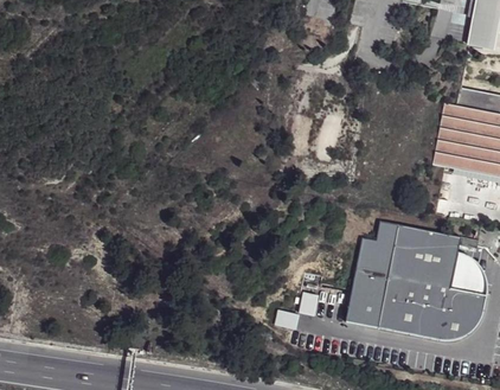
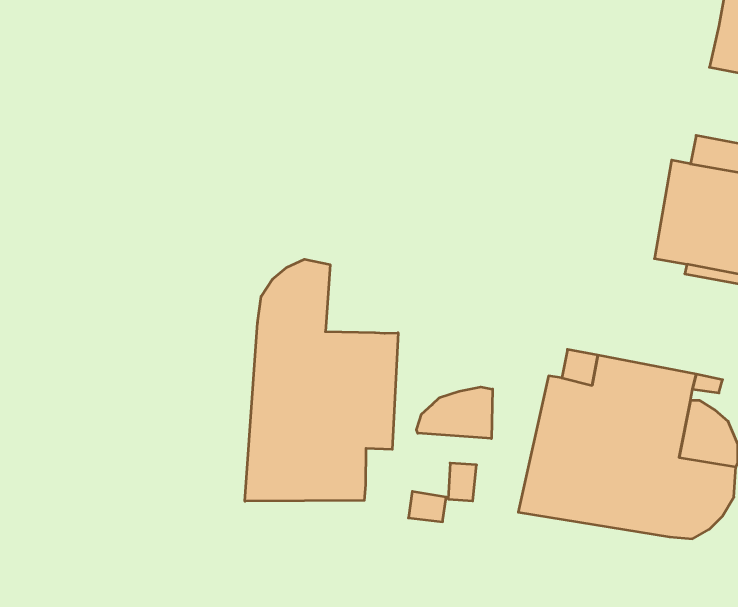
building: none -> [245,259,398,501]
building: none -> [416,387,493,439]

